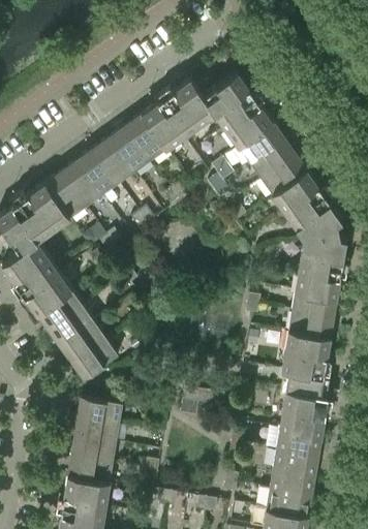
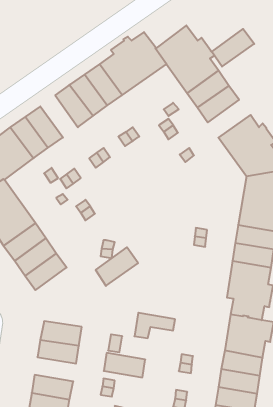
building: [78,149,119,195] -> none
building: [262,154,308,195] -> [212,29,254,67]
building: [72,338,119,380] -> [96,247,138,286]
building: [71,436,117,463] -> [104,353,145,377]

